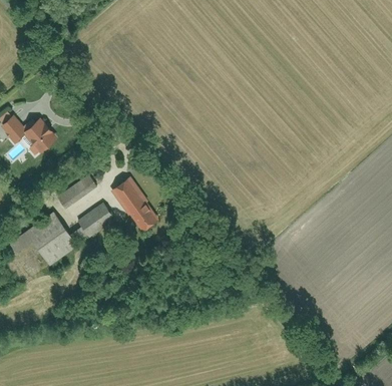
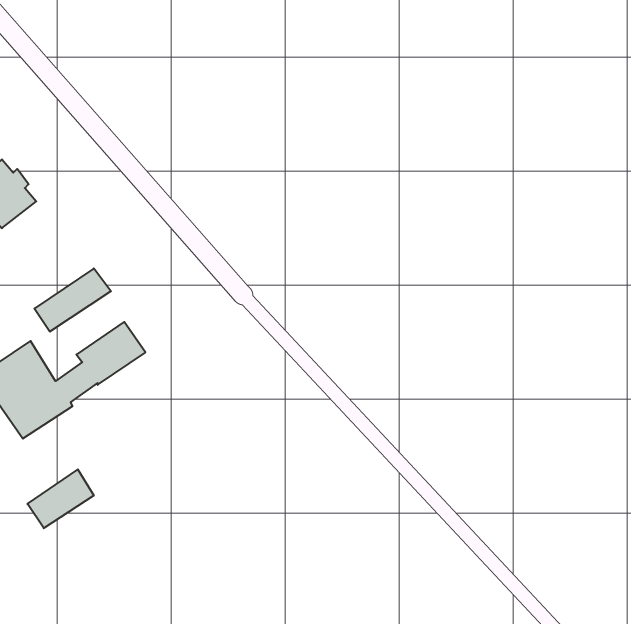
building: [111,175,160,231] -> none
building: none -> [27,469,94,528]

